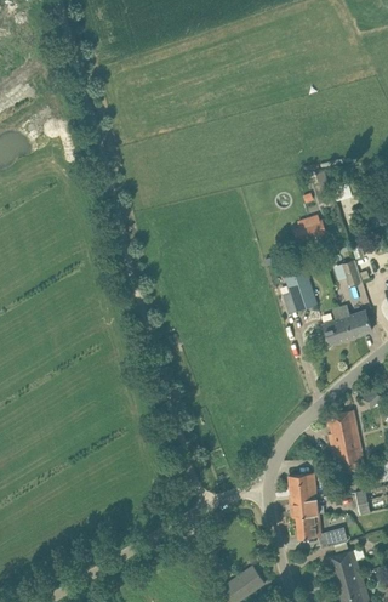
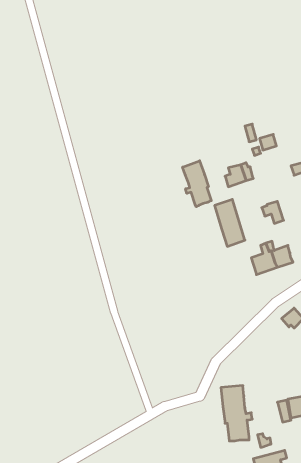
building: none -> [183,161,211,207]
building: [325,410,364,473] -> none

